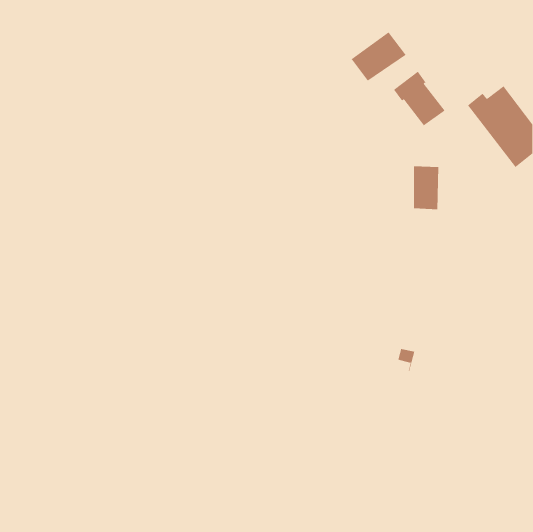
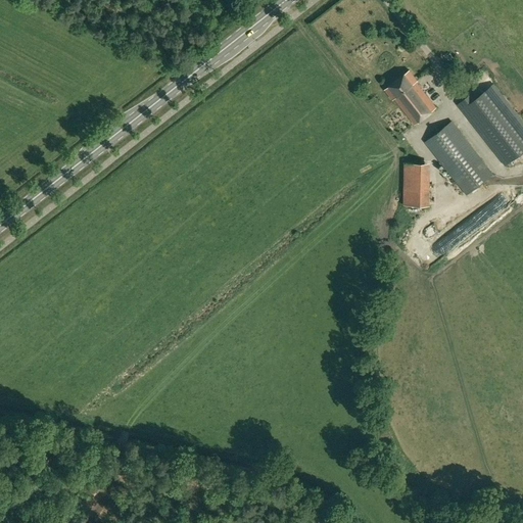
building: [351,31,406,82] -> none
building: none -> [426,123,492,195]

